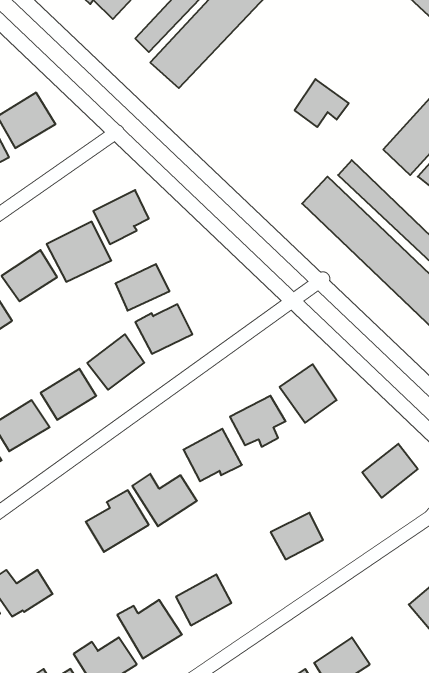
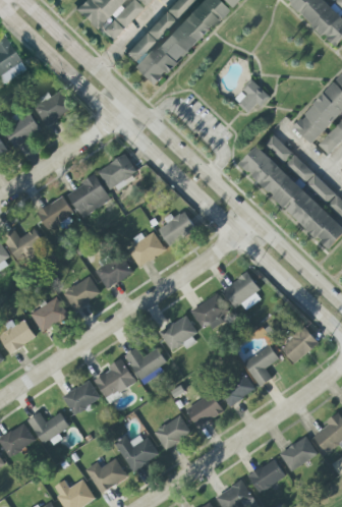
building: [115,264,170,311] -> [159,214,195,245]
building: none -> [242,344,279,387]
building: none -> [62,381,100,414]
building: none -> [185,393,223,428]
building: none -> [279,436,318,471]

